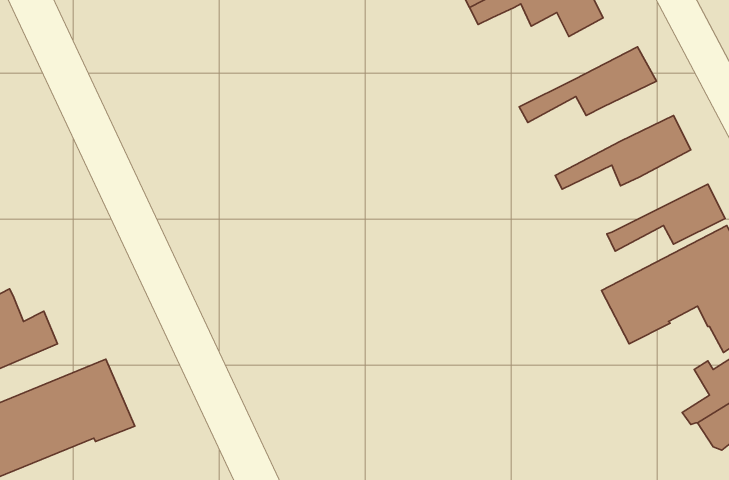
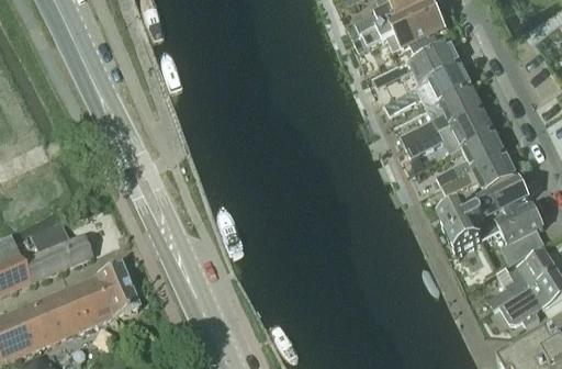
building: none -> [397,41,461,86]
building: none -> [402,87,484,147]
building: none -> [437,131,506,185]

